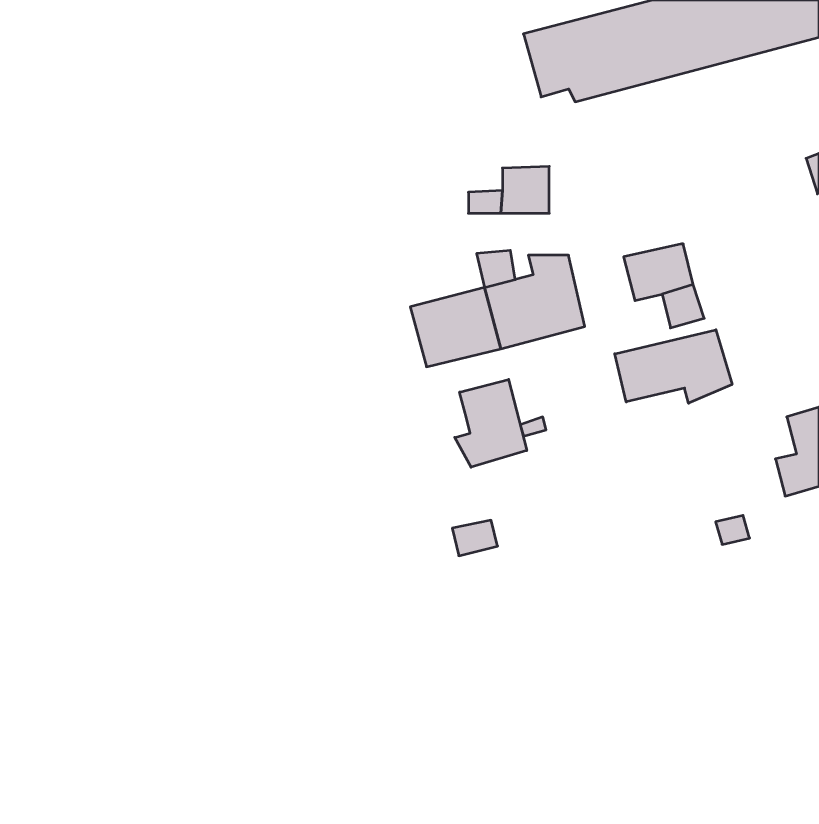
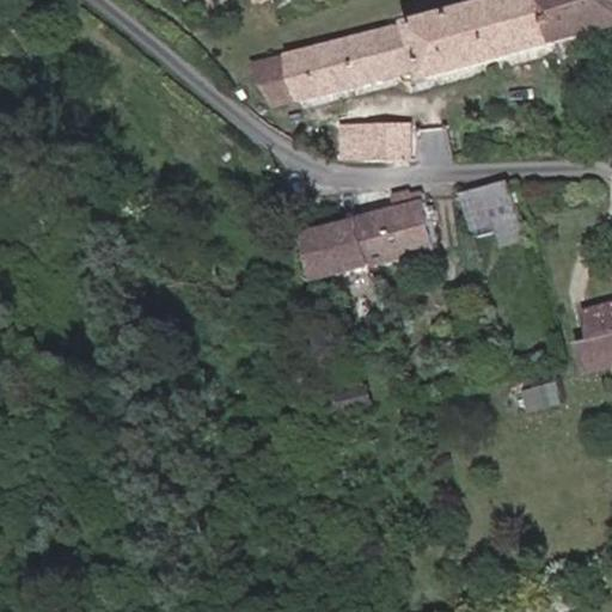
building: none -> [250,26,400,104]
building: [615,330,732,403] -> none
building: [455,379,527,467] -> none

